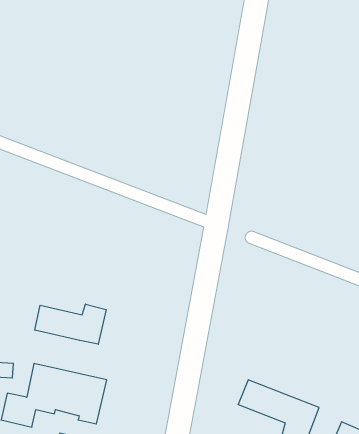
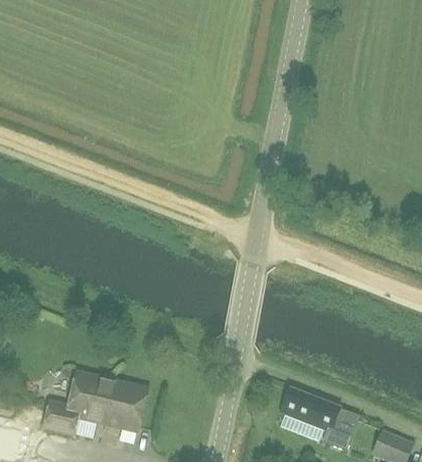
building: [35,304,106,344] -> none

